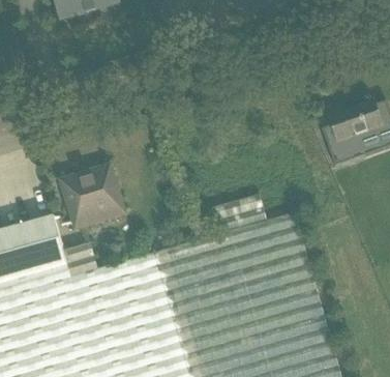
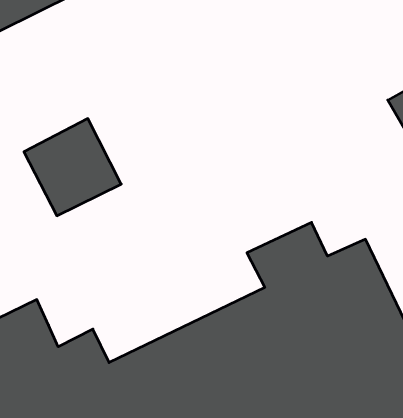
building: [60,169,125,234] -> [24,119,121,216]

